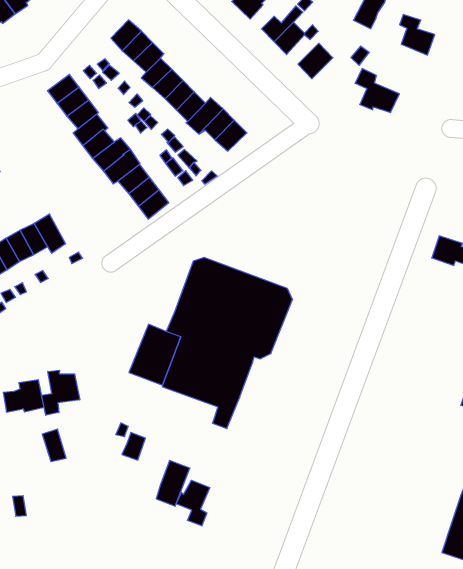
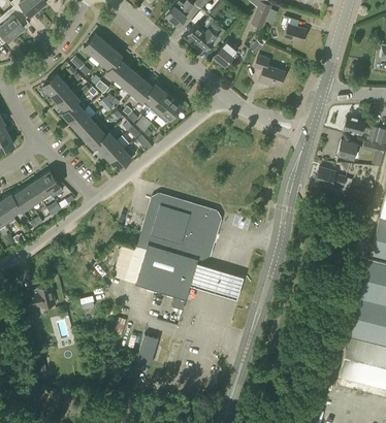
building: none -> [191,264,244,299]
building: [42,370,80,415] -> none
building: [176,480,210,526] -> none

